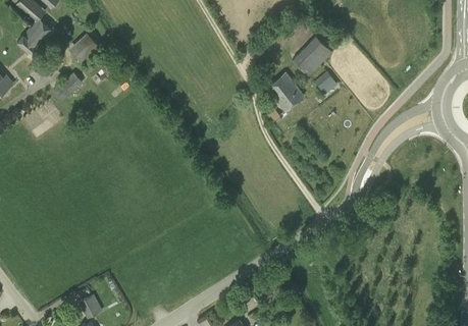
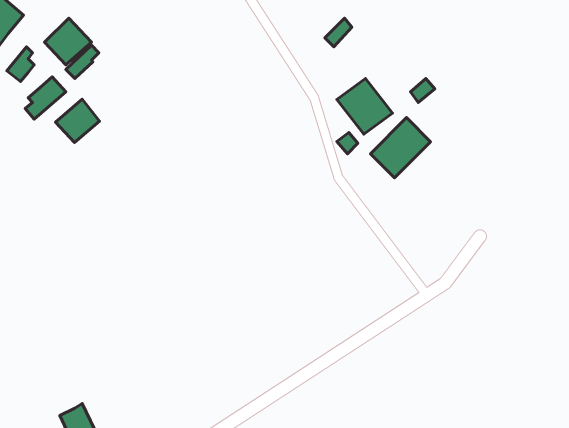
building: [292,35,332,75] -> [370,118,431,178]
building: none -> [56,99,99,143]

